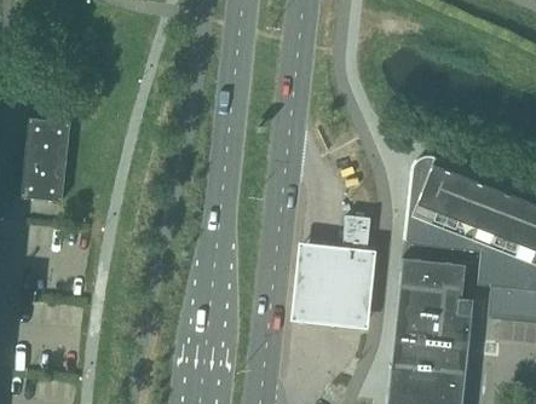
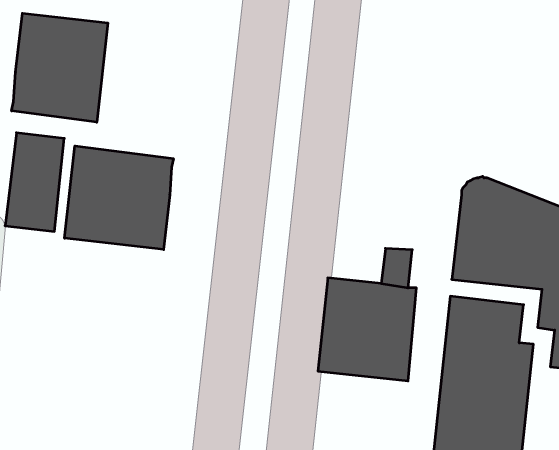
building: none -> [12,13,108,122]
building: none -> [65,146,173,250]

